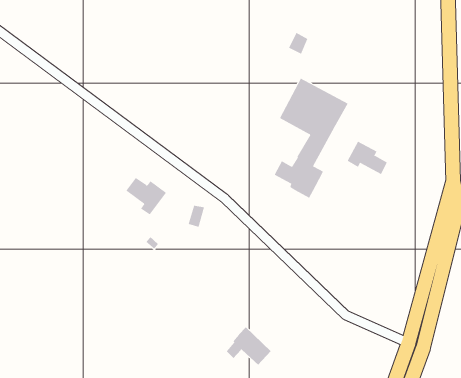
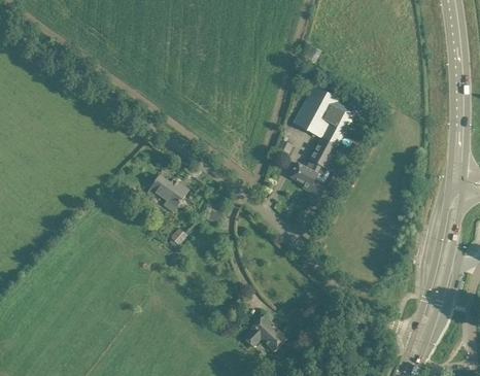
building: [347,141,388,175] -> none

